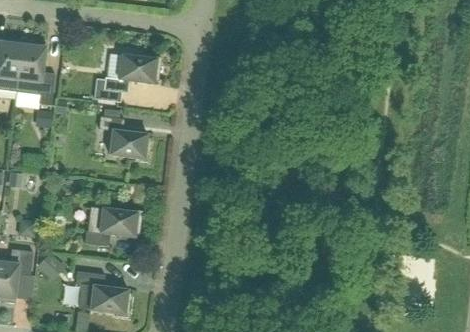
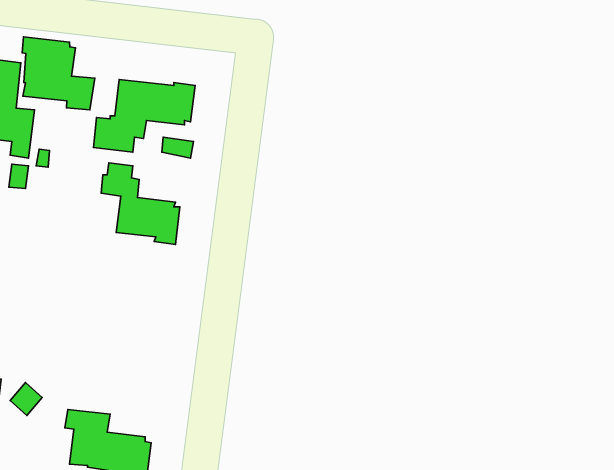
building: none -> [22,37,95,110]
building: [84,207,142,247] -> none

